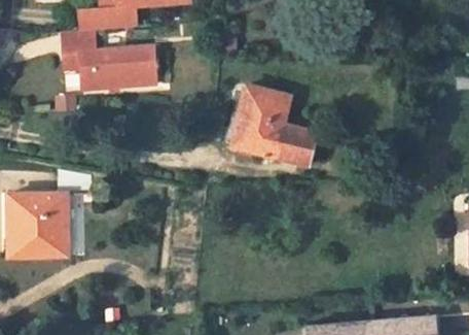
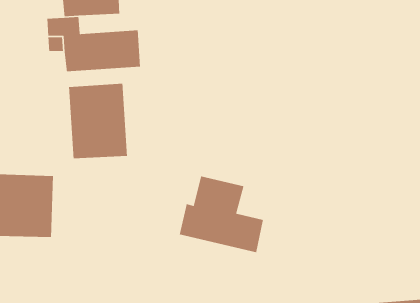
building: [226,85,312,163] -> [179,175,264,253]
building: none -> [68,83,128,159]

